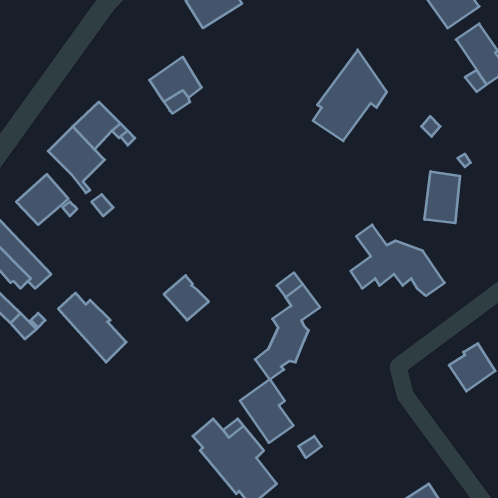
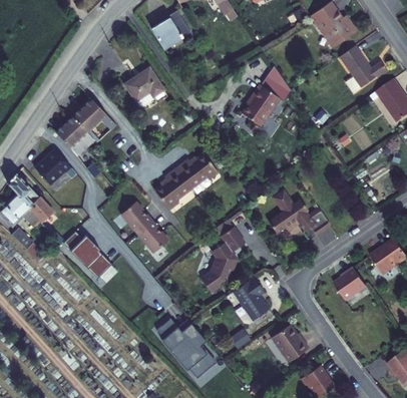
building: [425,171,460,223] -> none
building: none -> [150,148,218,210]
building: none -> [122,201,152,233]
building: [240,379,293,443] -> [233,276,270,320]
building: none -> [271,324,309,362]

